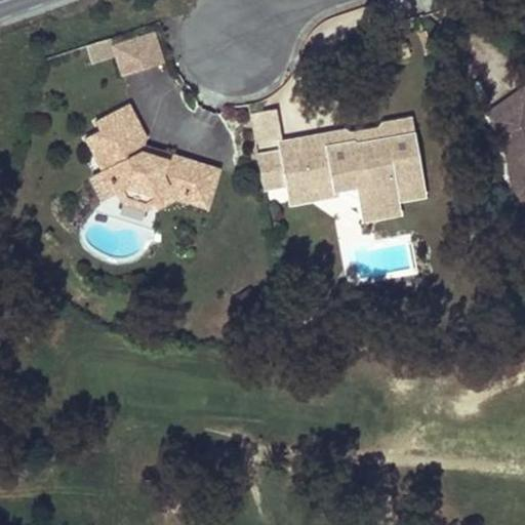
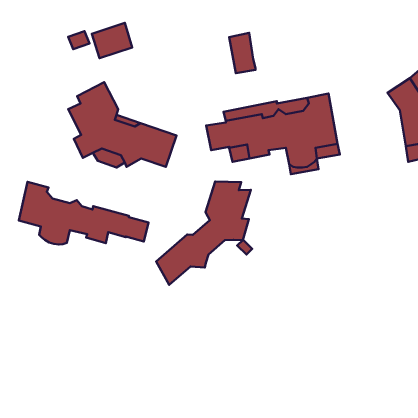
building: [251,109,284,159] -> [229,33,256,73]
building: none -> [156,182,251,285]
building: none -> [19,182,148,244]

